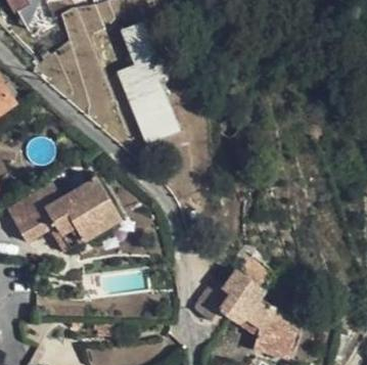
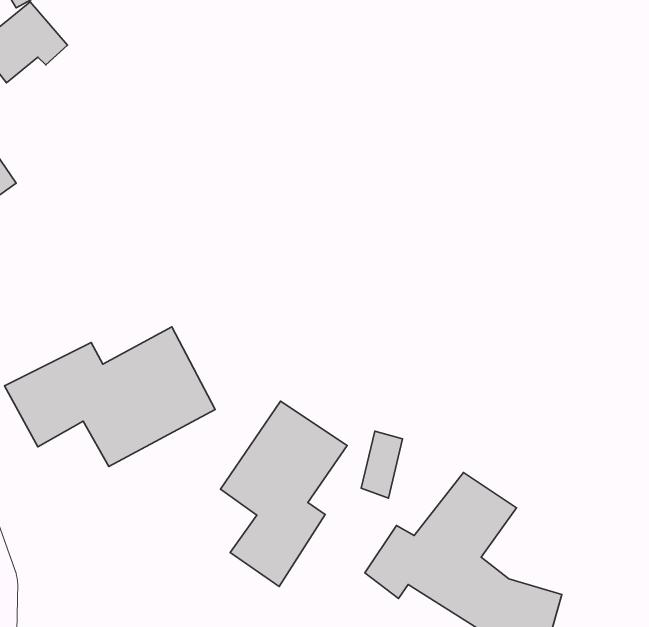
building: [117,25,177,143] -> none
building: none -> [221,401,347,586]

